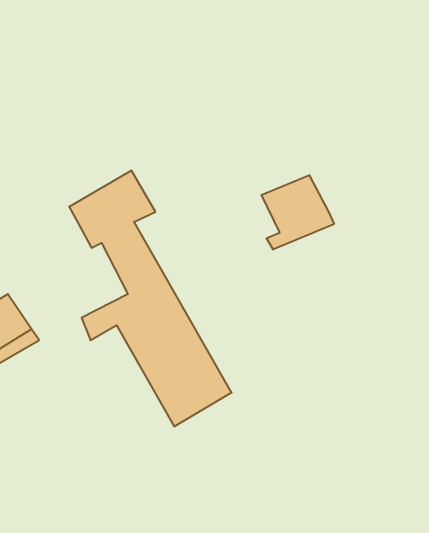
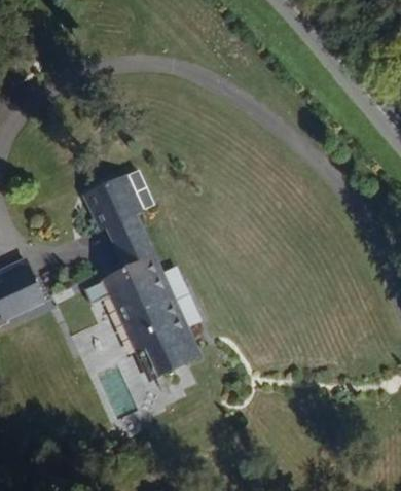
building: [262,175,334,250] -> none

